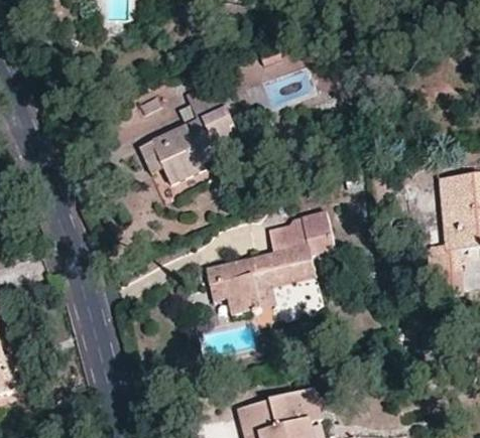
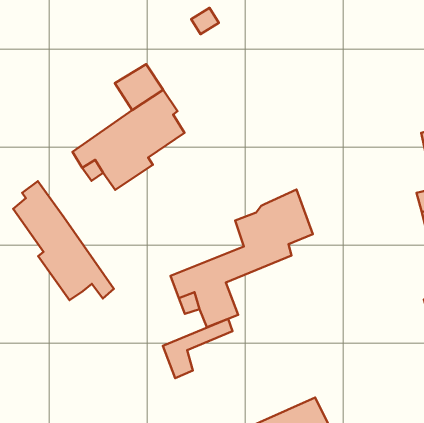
building: none -> [13,181,114,300]
building: [253,265,315,308] -> [163,319,233,378]

